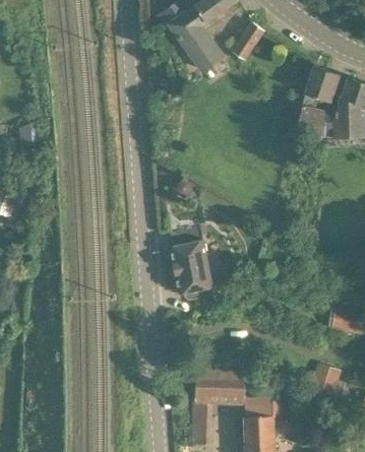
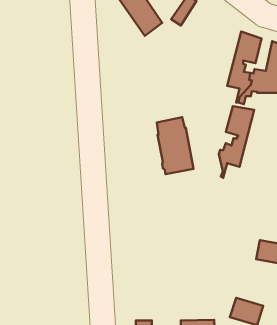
building: none -> [219,106,254,178]
building: [170,228,212,294] -> [157,117,194,174]
building: [195,370,245,402] -> none

